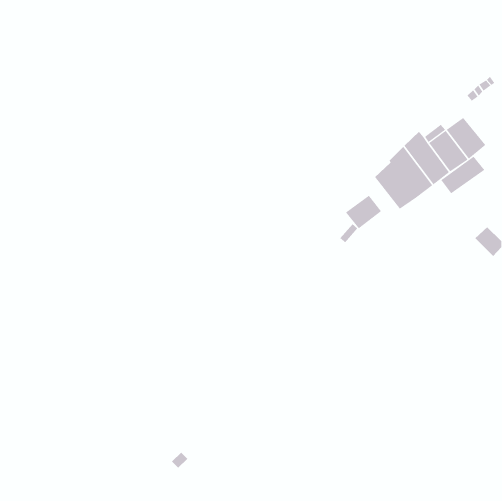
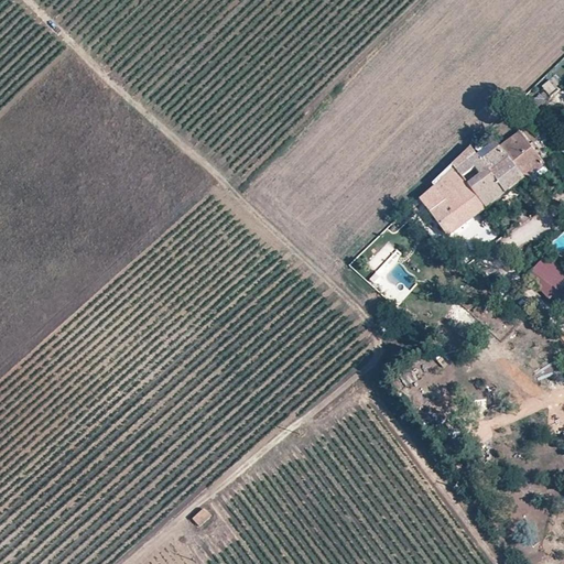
building: [441,156,485,194] -> none
building: [345,195,382,229] -> none

